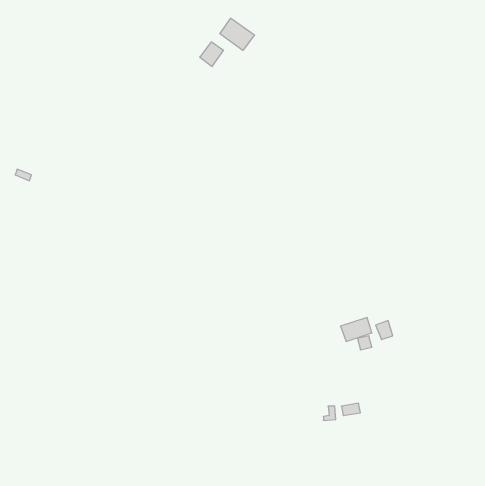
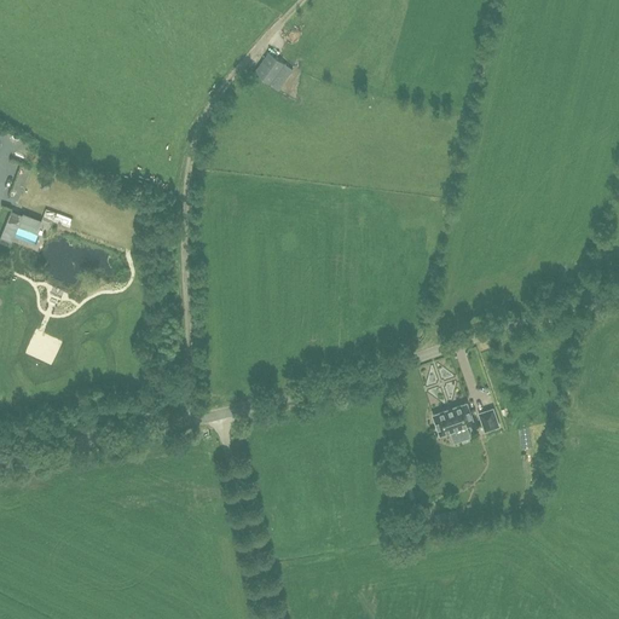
building: [220,18,255,50] -> none

